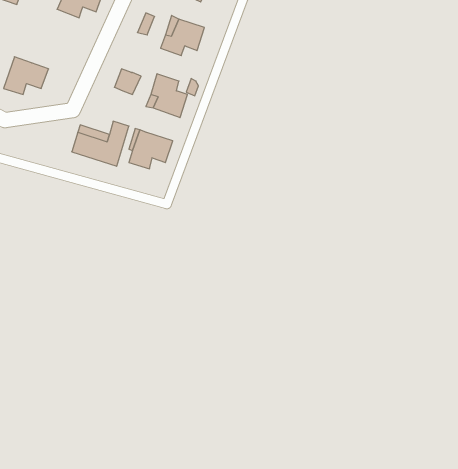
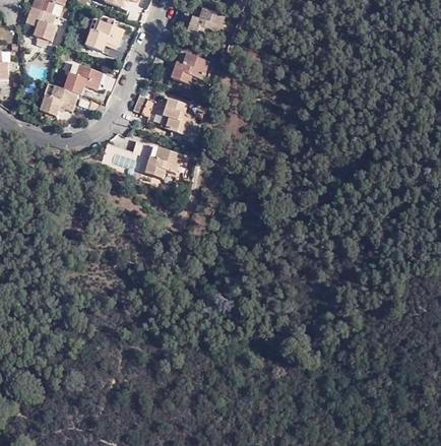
building: none -> [64,63,103,95]

